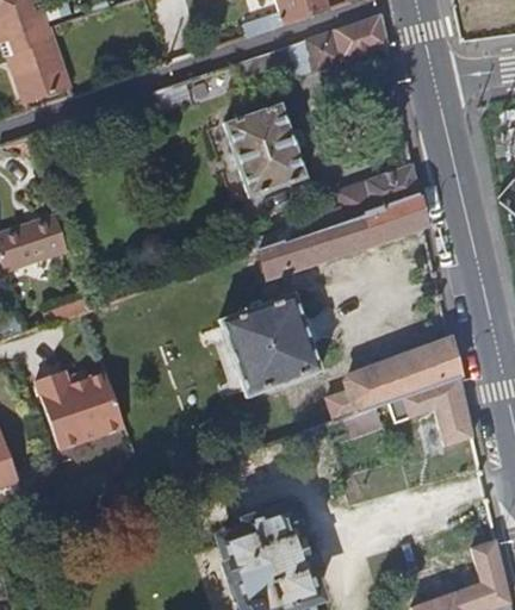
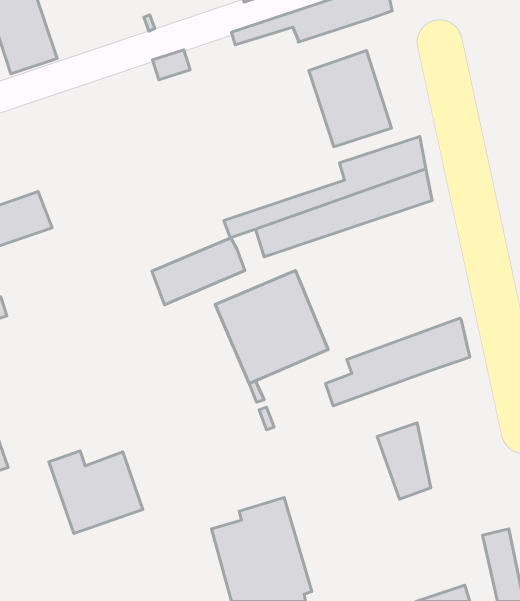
building: [225,104,304,195] -> [309,50,392,147]
building: none -> [152,238,245,305]
building: [37,369,126,448] -> [49,451,143,533]
building: [423,374,474,447] -> [377,423,431,499]

